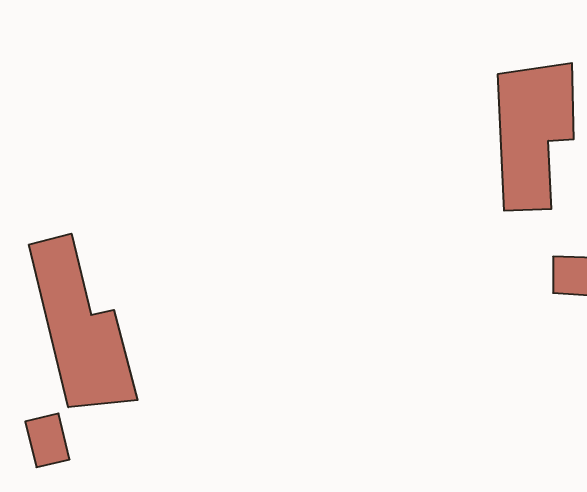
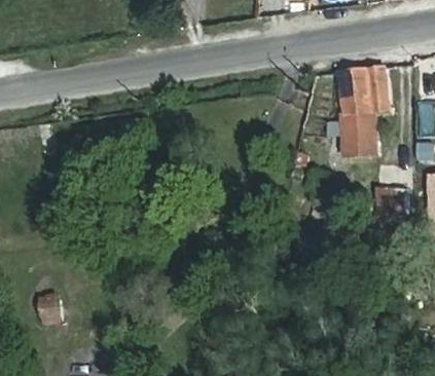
building: [29,234,138,407] -> none

